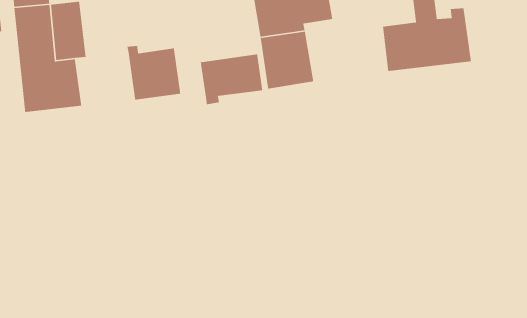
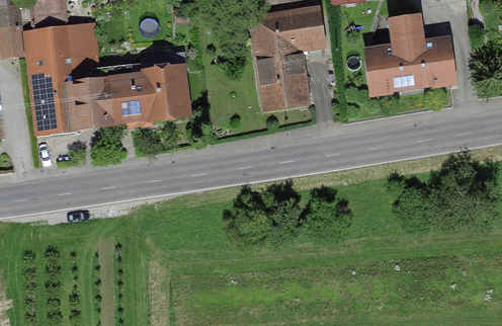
building: none -> [89,67,143,124]
building: [200,53,263,105] -> none

